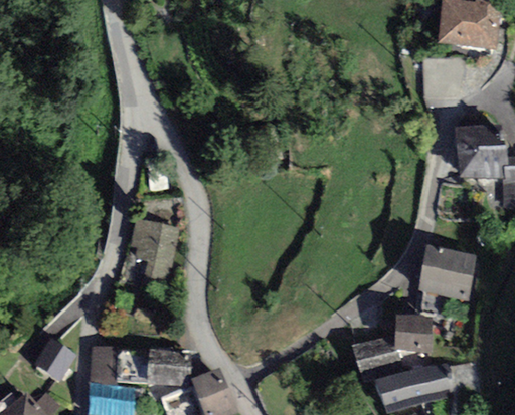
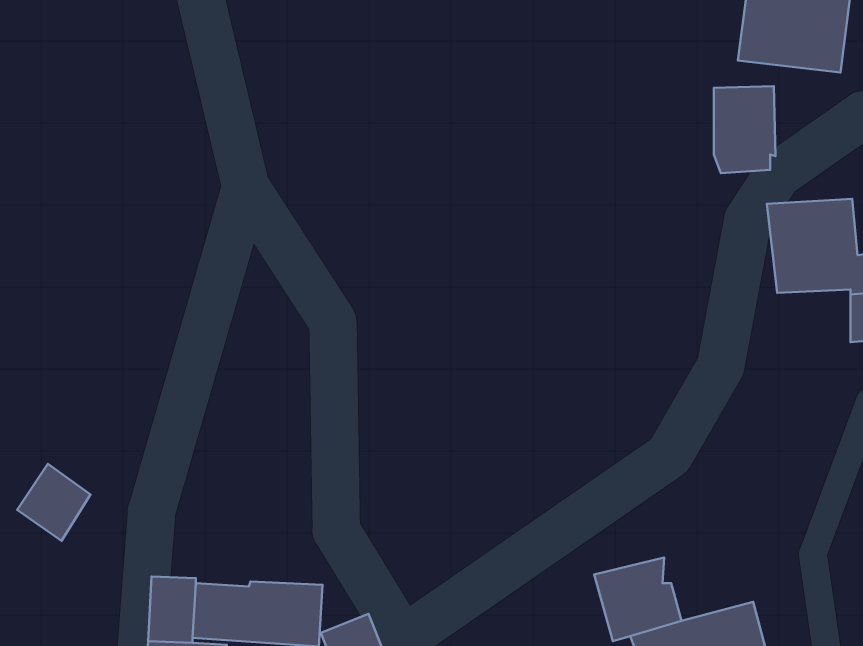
building: [130,220,180,282] -> none
building: [416,245,478,301] -> none
building: [392,315,434,354] -> none
building: [33,338,76,383] -> [17,464,91,541]

